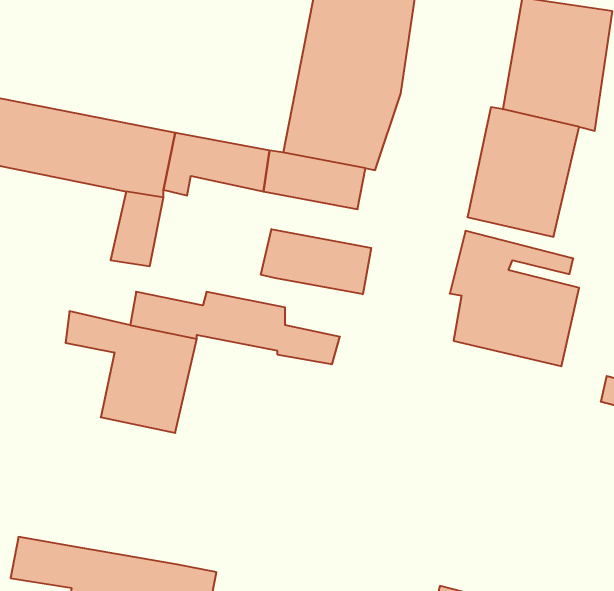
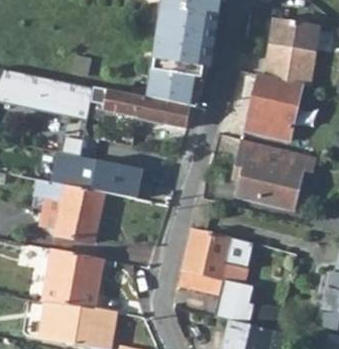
building: [261,229,371,294] -> none
building: none -> [178,228,247,308]
building: none -> [42,247,105,309]

